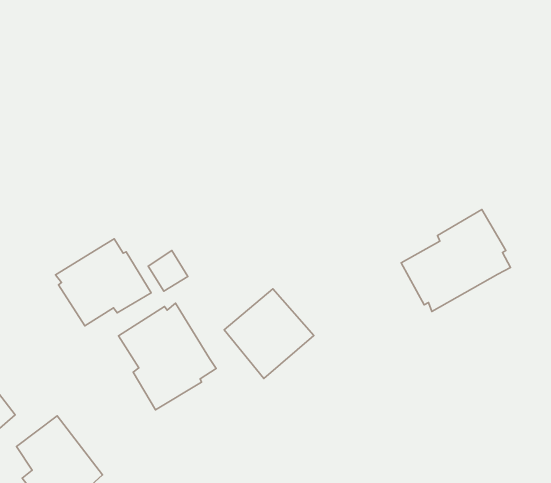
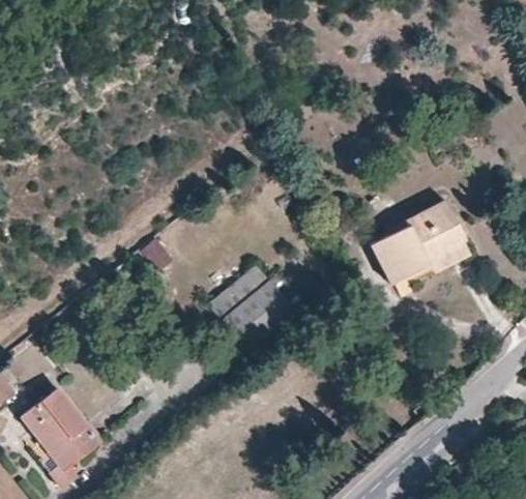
building: [56,239,151,326] -> none
building: [119,303,216,410] -> none

